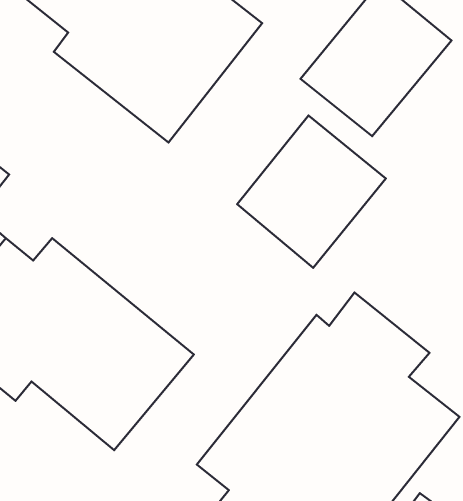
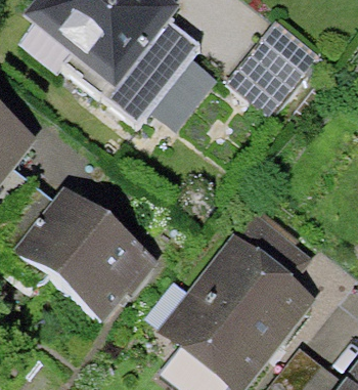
building: [237,115,386,268] -> none

